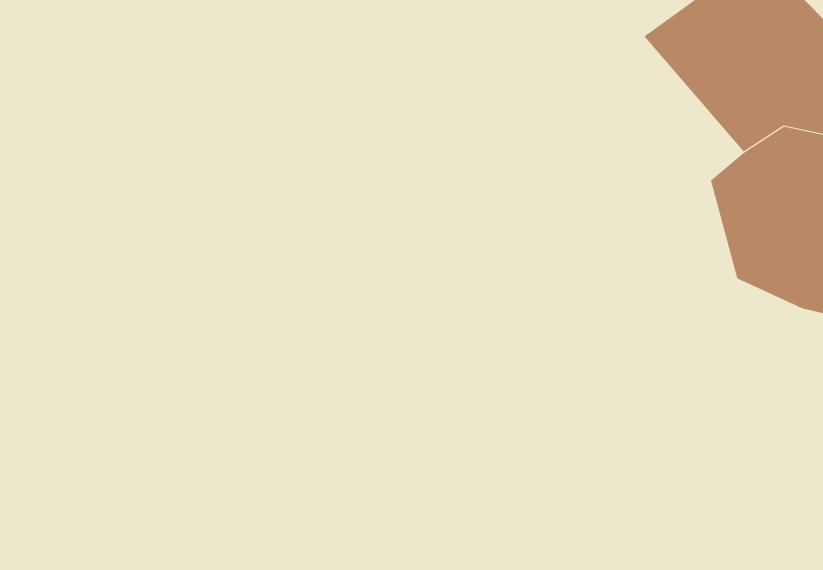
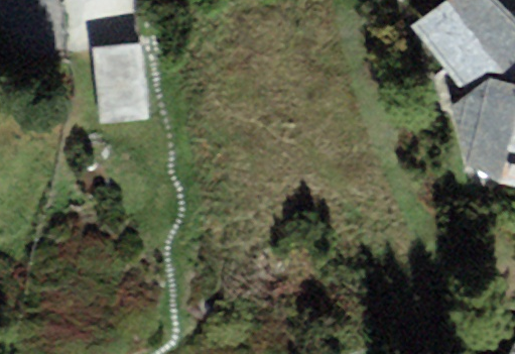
building: none -> [92,42,149,125]

